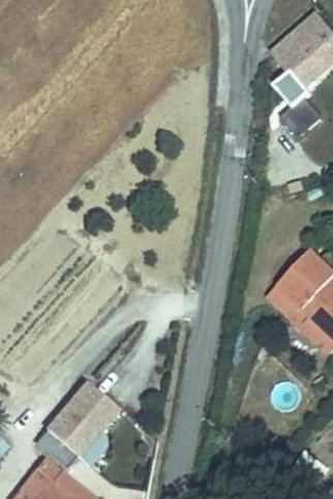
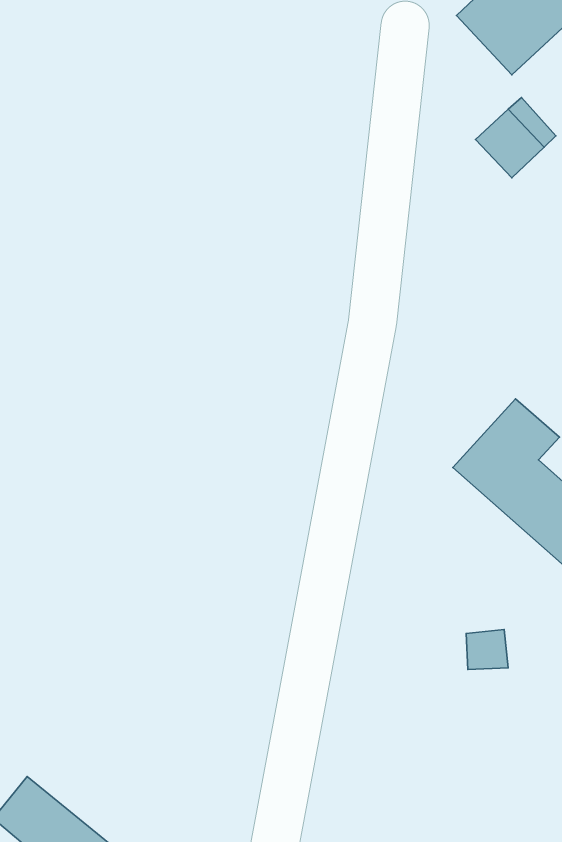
building: [39,382,117,463] -> none

